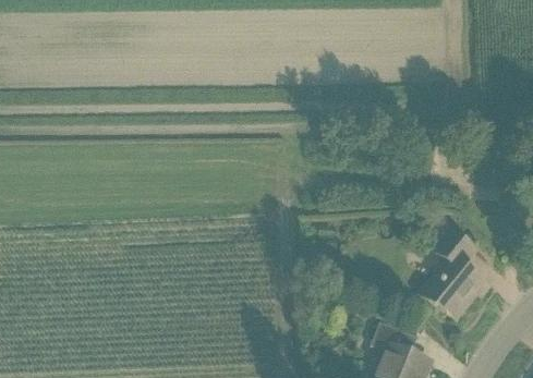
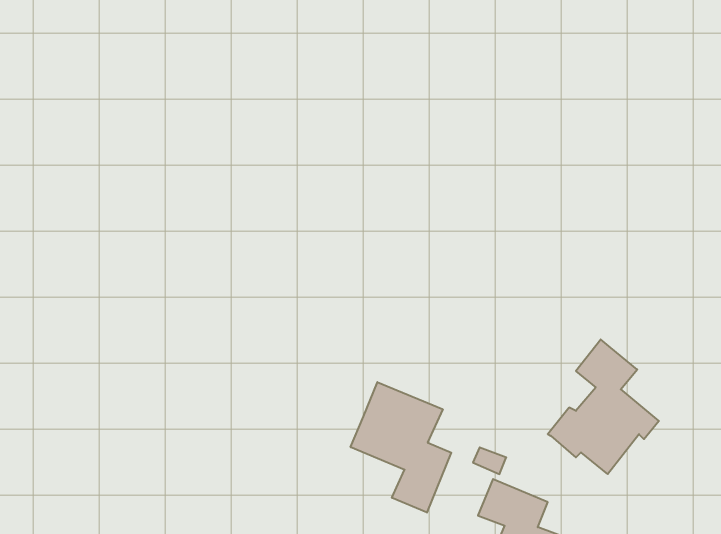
building: none -> [351,382,451,513]

